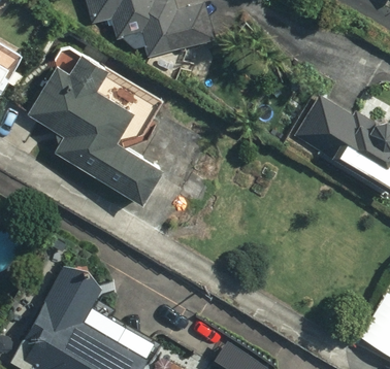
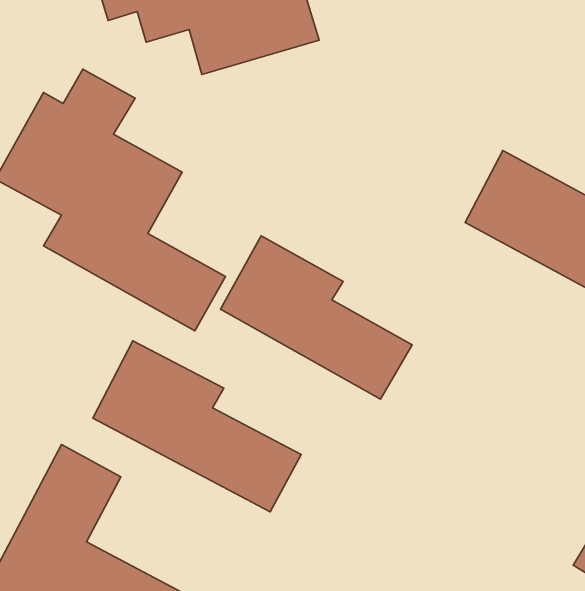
building: none -> [221,236,412,399]
building: none -> [93,341,301,512]

